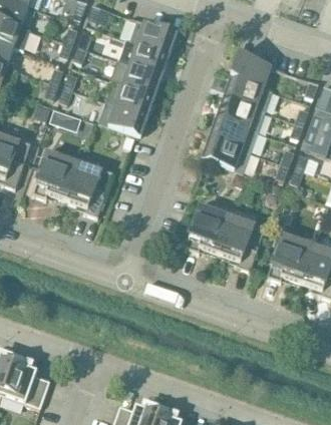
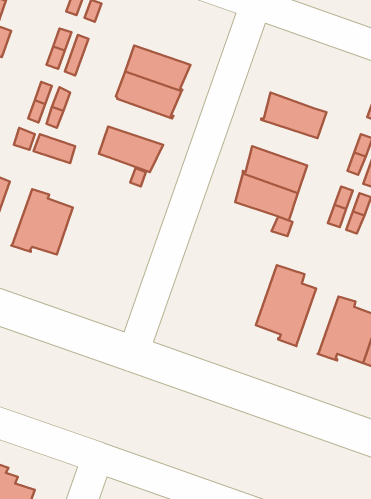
building: [126,20,178,53] -> none
building: [231,53,271,86] -> none
building: [106,79,155,114] -> none
building: [217,95,267,130] -> none
building: [67,162,113,216] -> none
building: [186,198,236,253] -> none

